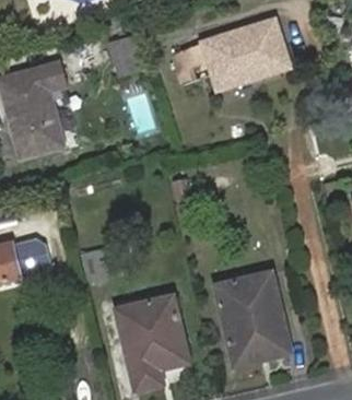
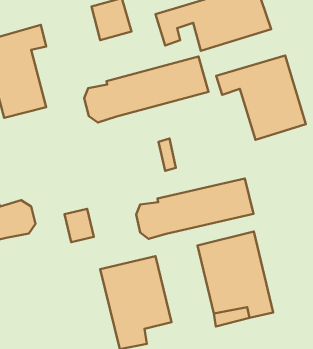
building: none -> [216,56,306,140]
building: none -> [84,56,209,122]
building: none -> [136,178,254,239]

